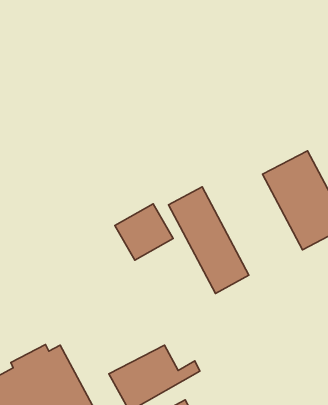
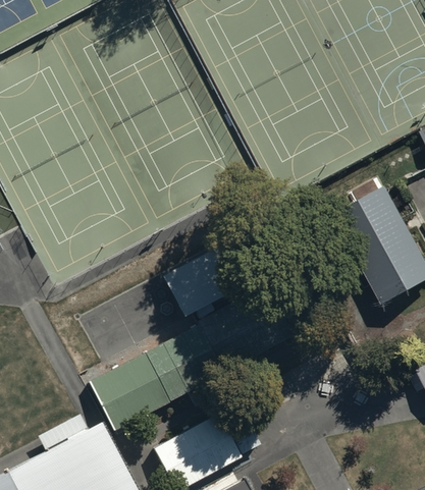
building: [169,187,249,294] -> none
building: none -> [91,317,238,433]

